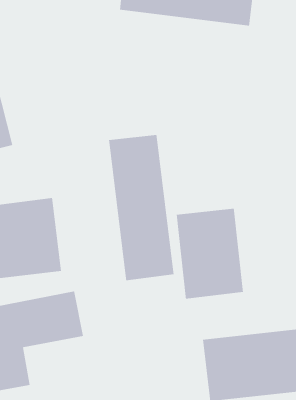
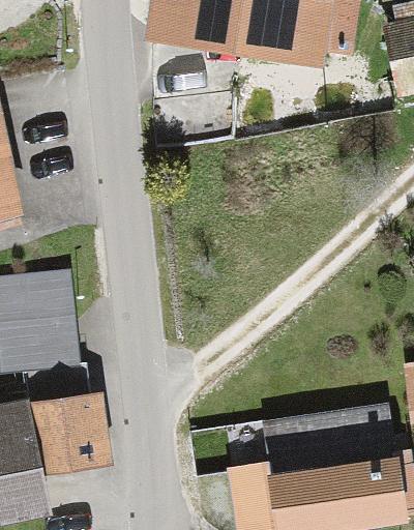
building: [109,134,174,281] -> none
building: [176,208,244,299] -> none

